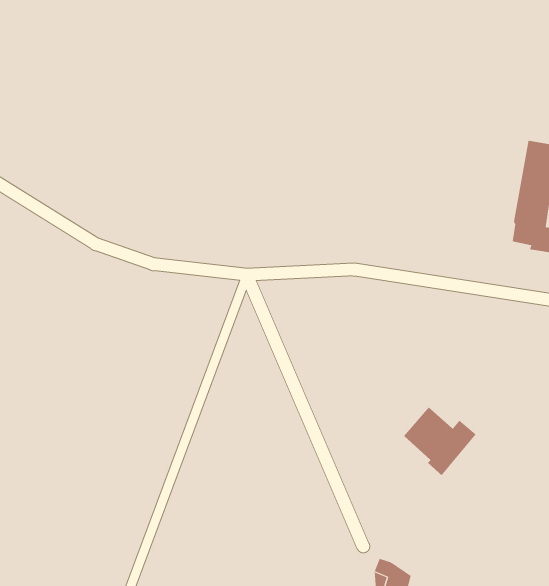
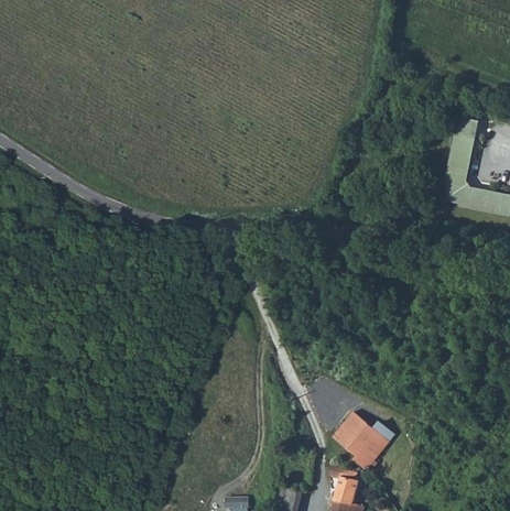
building: [403,407,477,476] -> [333,411,393,468]

